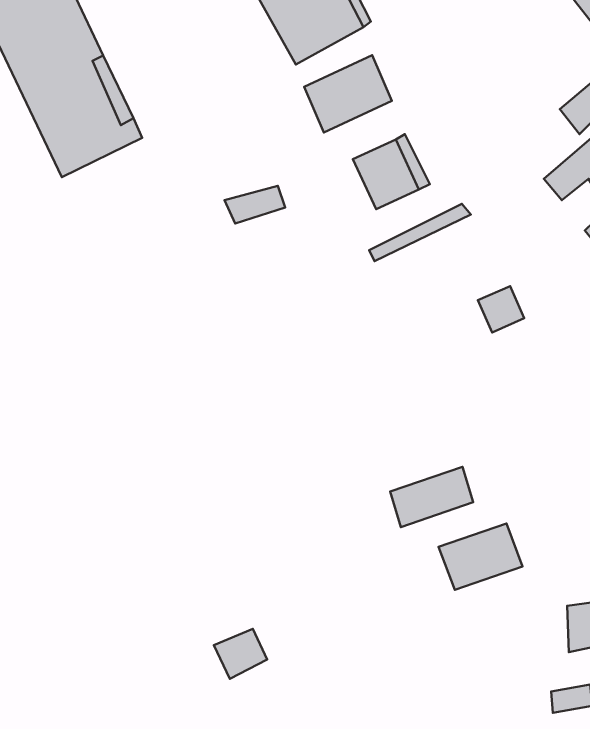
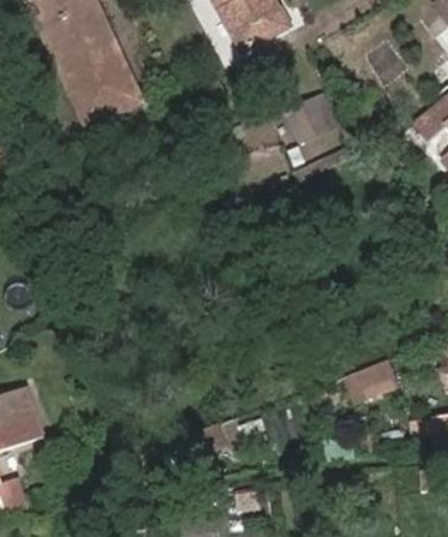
building: [304,55,392,133] -> none
building: [390,467,473,527] -> none

